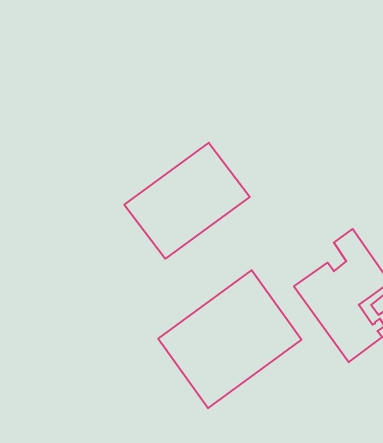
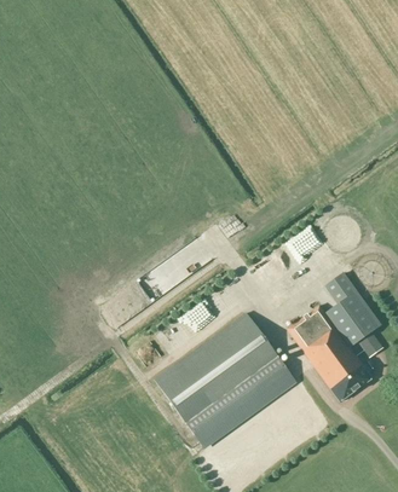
building: [124,143,250,259] -> none

